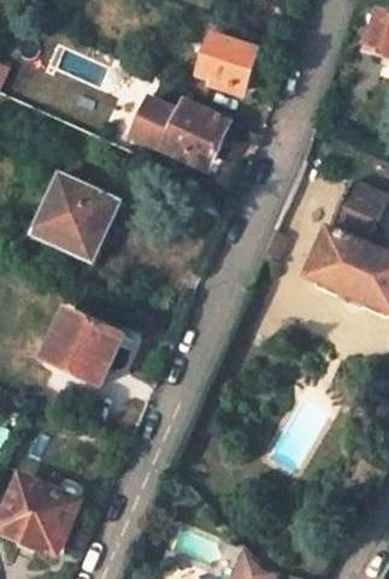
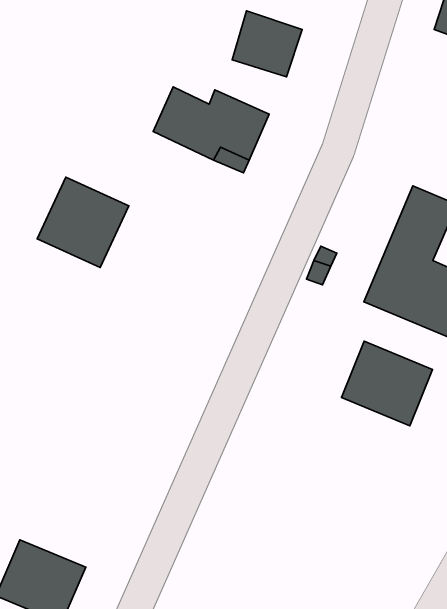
building: [42,312,120,386] -> none
building: none -> [341,341,433,426]

